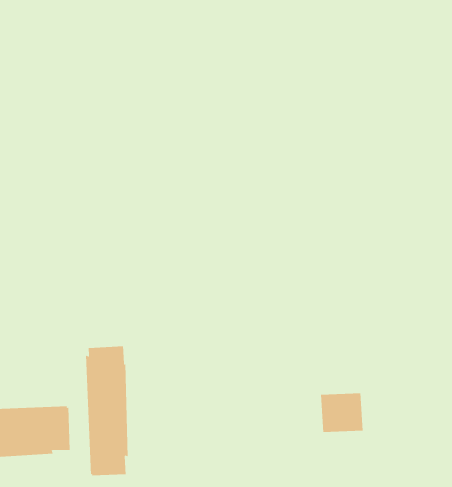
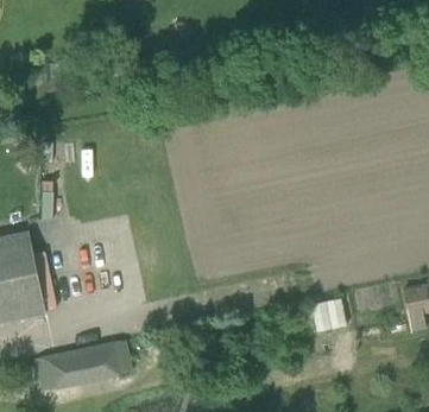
building: [86,345,128,476] -> none

